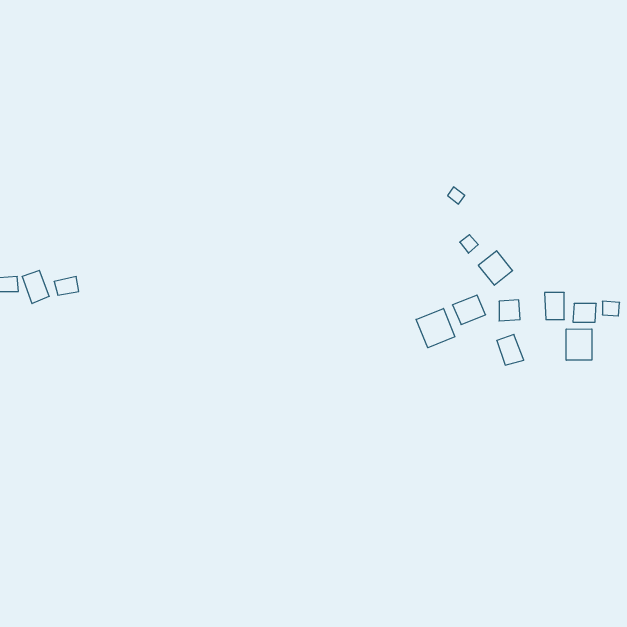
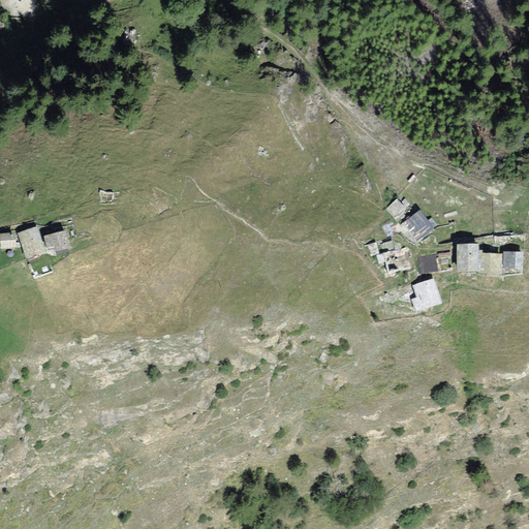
building: [416,308,455,348] -> none
building: [566,329,592,360] -> none

